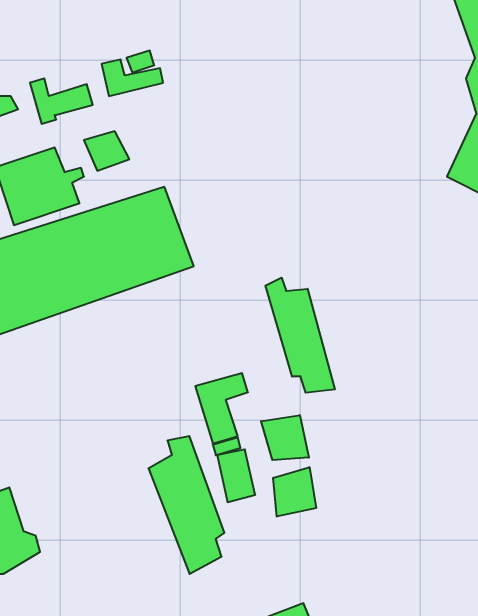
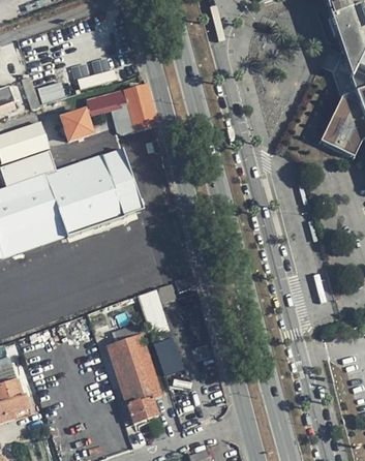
building: none -> [91,85,157,133]
building: [265,278,335,393] -> none
building: [261,415,309,460] -> none
building: [273,467,316,517] -> none

